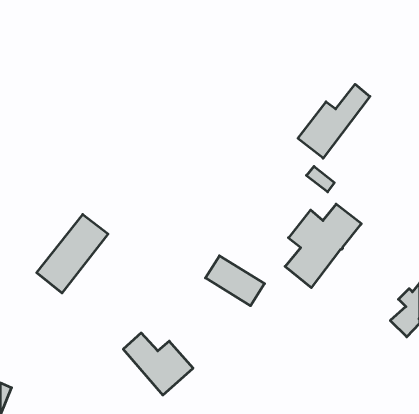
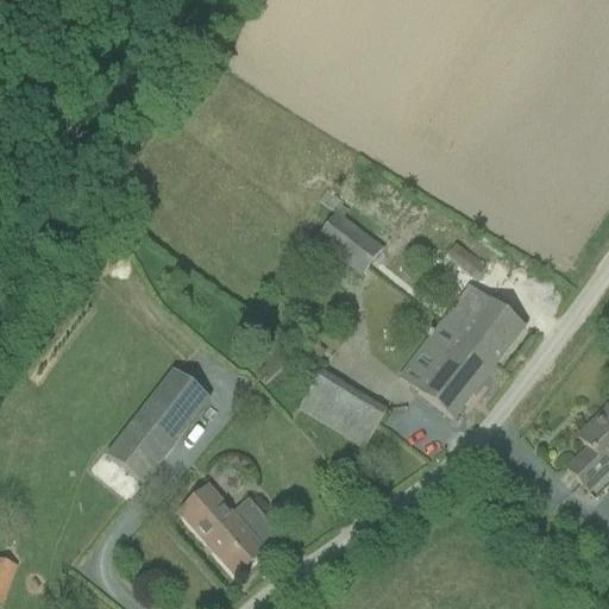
building: [298,84,370,158] -> none
building: none -> [314,208,382,272]
building: [37,214,108,293] -> [106,368,209,482]

